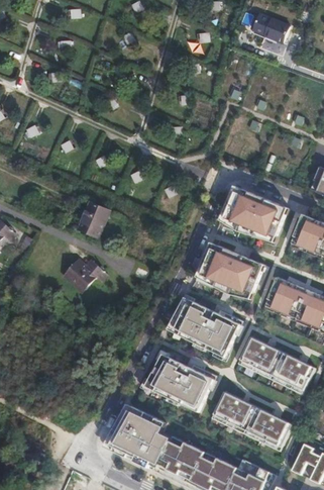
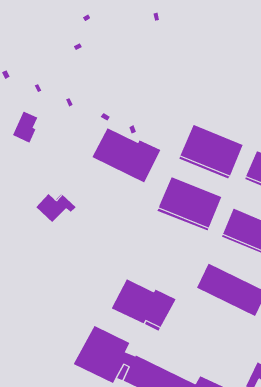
building: [79,202,107,237] -> [12,111,38,143]
building: [169,297,244,358] -> [91,128,161,183]
building: [210,391,292,451] -> none

